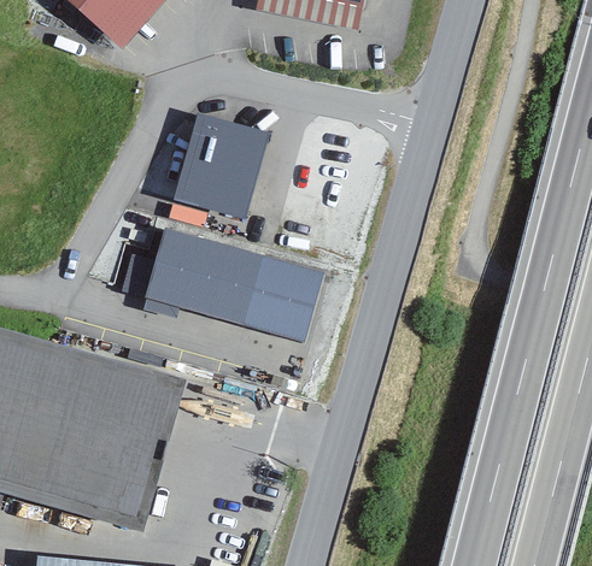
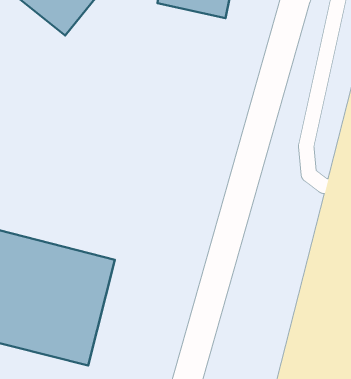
building: [174,117,257,211] -> none
building: [143,231,313,335] -> none

